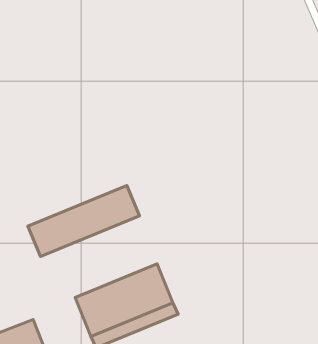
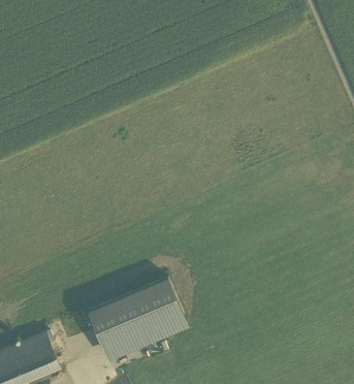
building: [28,185,140,256] -> none

